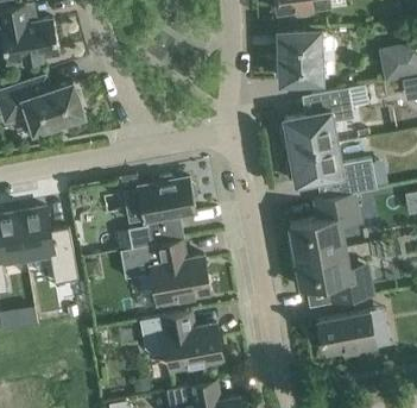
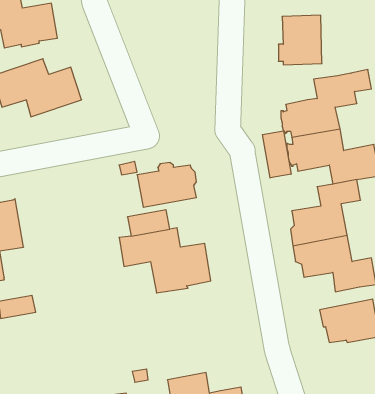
building: none -> [262,131,291,178]
building: [18,208,78,284] -> none
building: [140,314,223,370] -> none

